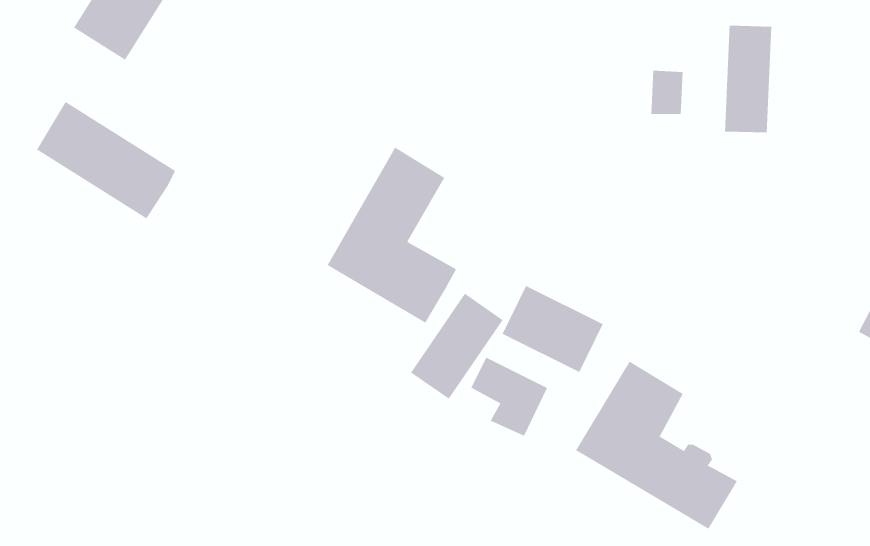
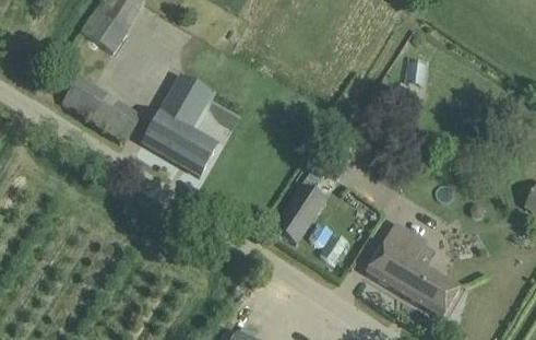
building: [724,25,772,133] -> none
building: [327,147,457,323] -> [143,74,216,174]
building: [502,285,603,373] -> none

